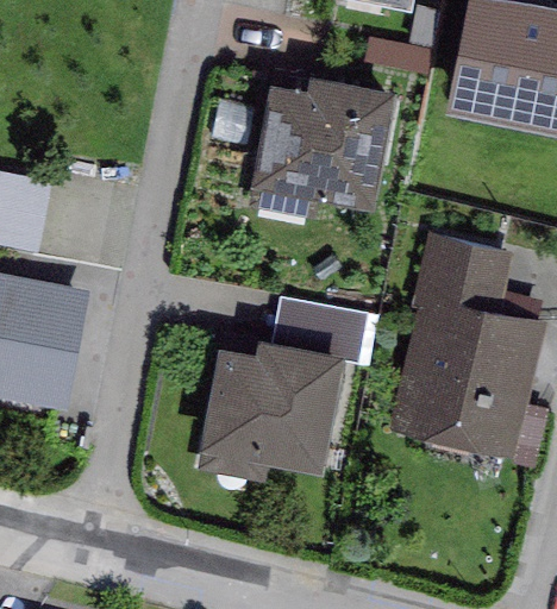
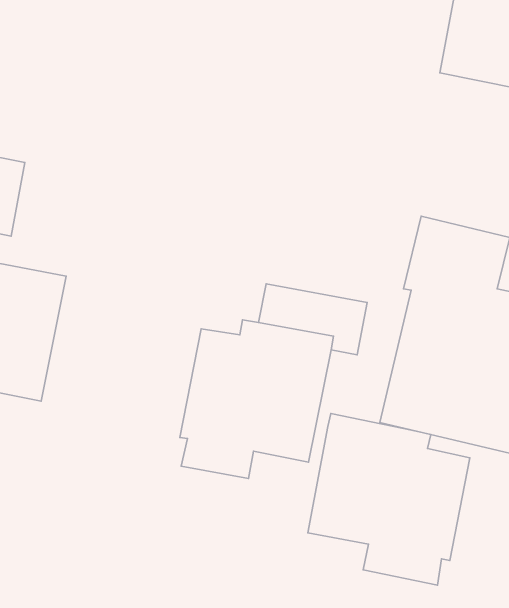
building: [250,69,395,221] -> none
building: none -> [308,413,470,585]

